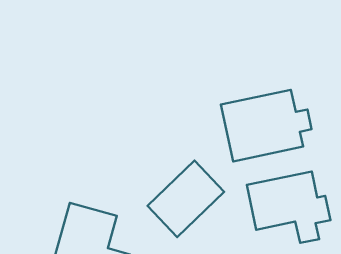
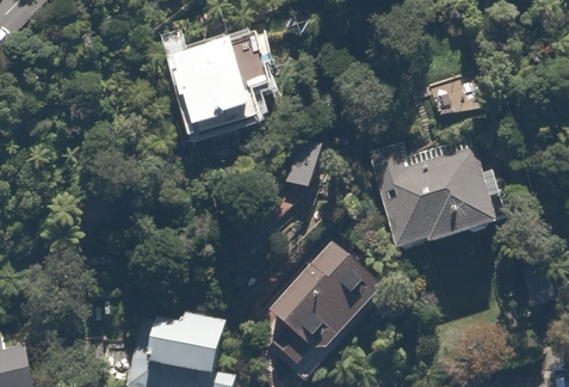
building: none -> [165,31,278,133]
building: [247,171,331,243] -> none

